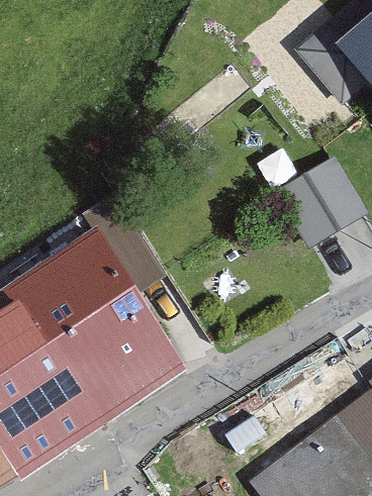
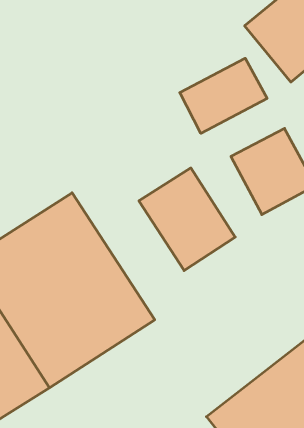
building: none -> [180,58,267,133]
building: none -> [139,168,235,271]

